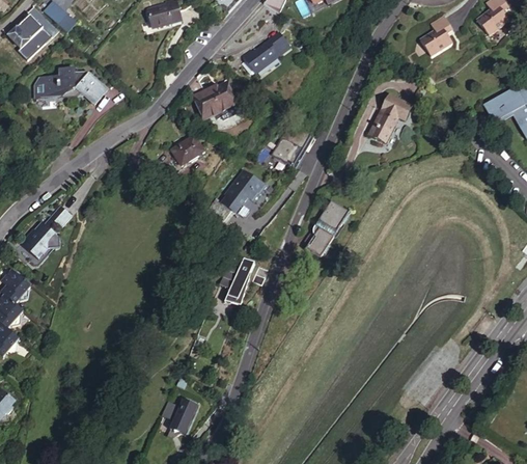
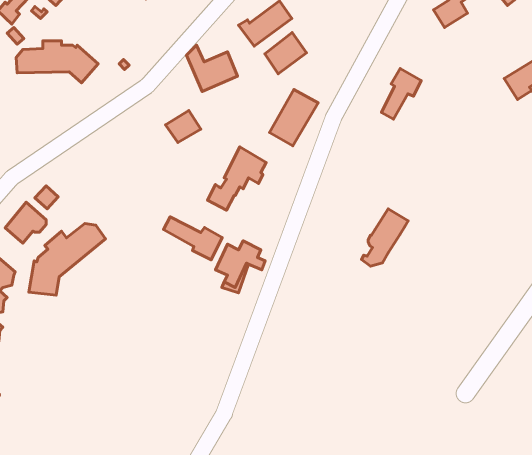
building: none -> [265,32,307,74]
building: [304,197,348,251] -> [362,209,408,266]
building: none -> [163,217,222,260]
building: none -> [29,224,106,295]
building: [161,395,197,430] -> none

